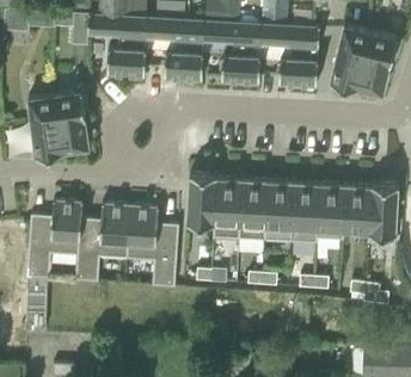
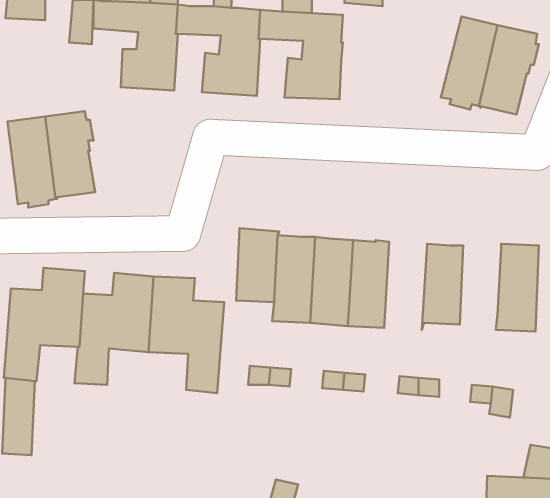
building: [260,25,320,87] -> none
building: [290,183,320,243] -> none
building: [343,185,372,240] -> none

